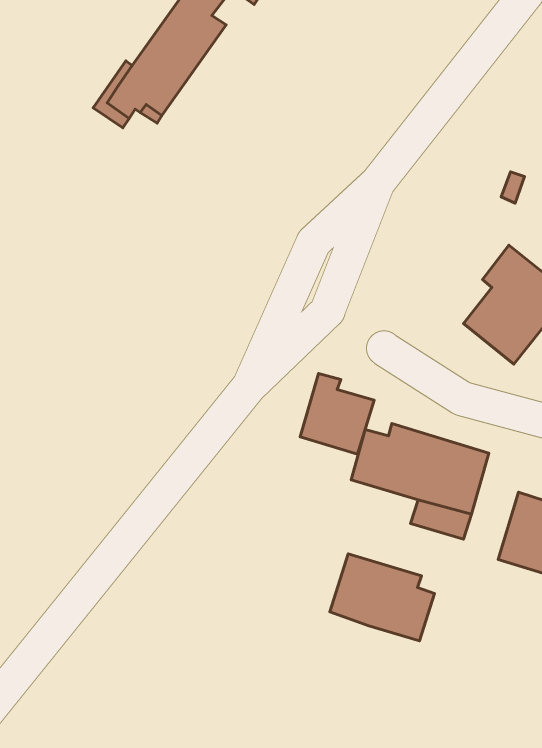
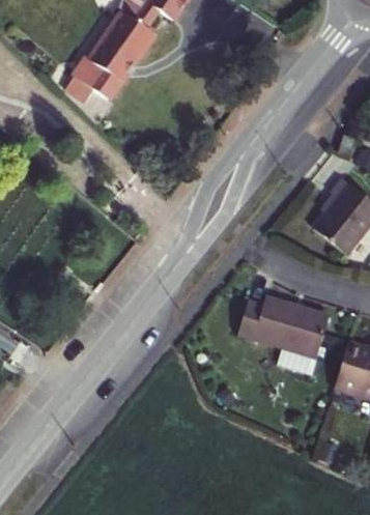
building: [300,373,374,454] -> none
building: [330,554,435,641] -> none

